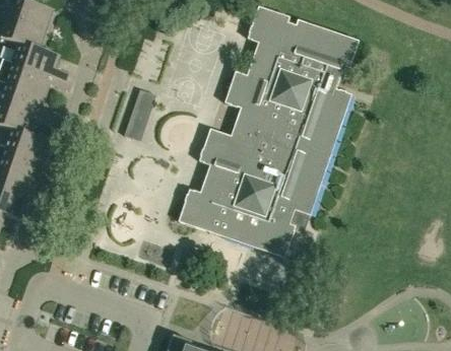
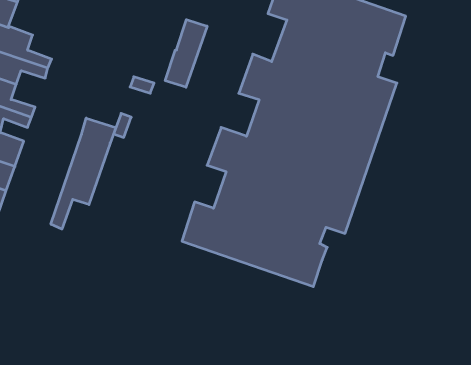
building: none -> [165,20,207,87]
building: none -> [51,118,116,229]

